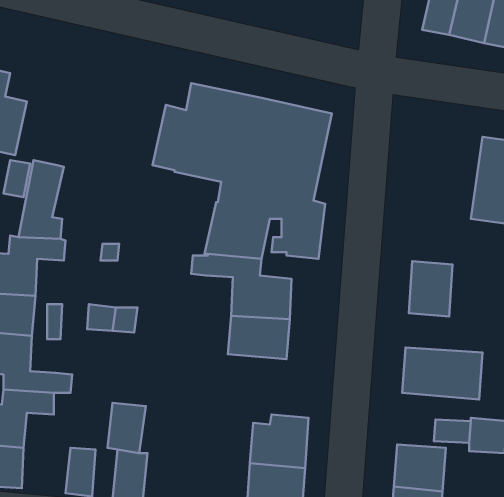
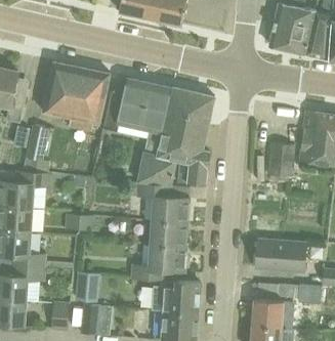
building: none -> [44,61,110,132]
building: [409,261,453,317] -> [268,142,295,176]
building: none -> [132,244,186,280]

